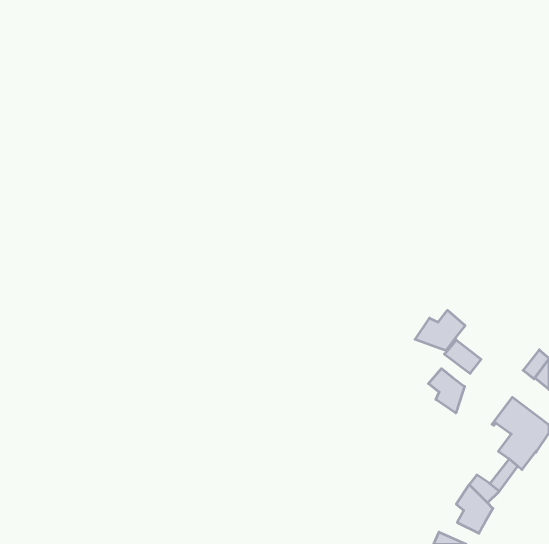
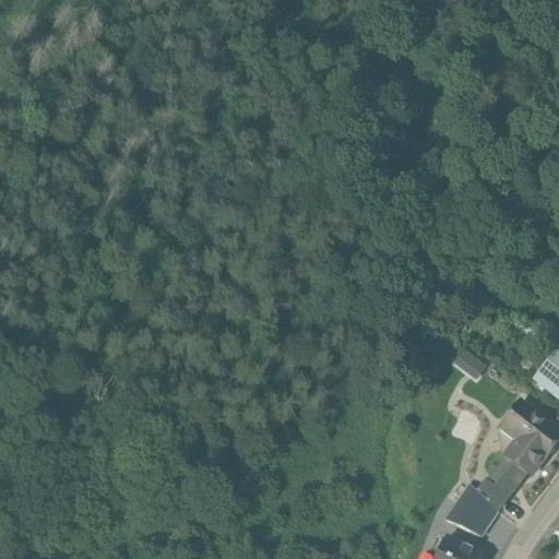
building: [415,310,465,351] -> none
building: [428,369,465,413] -> none

